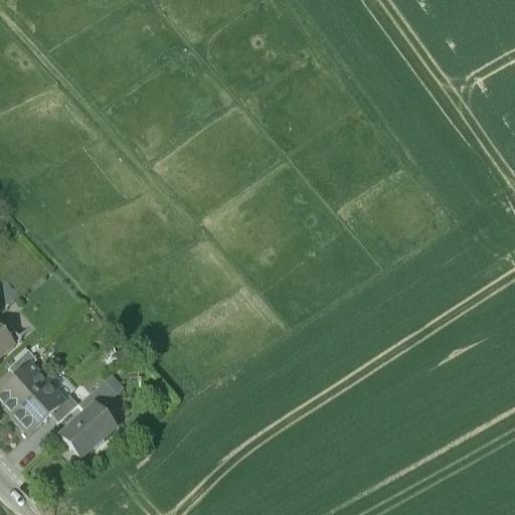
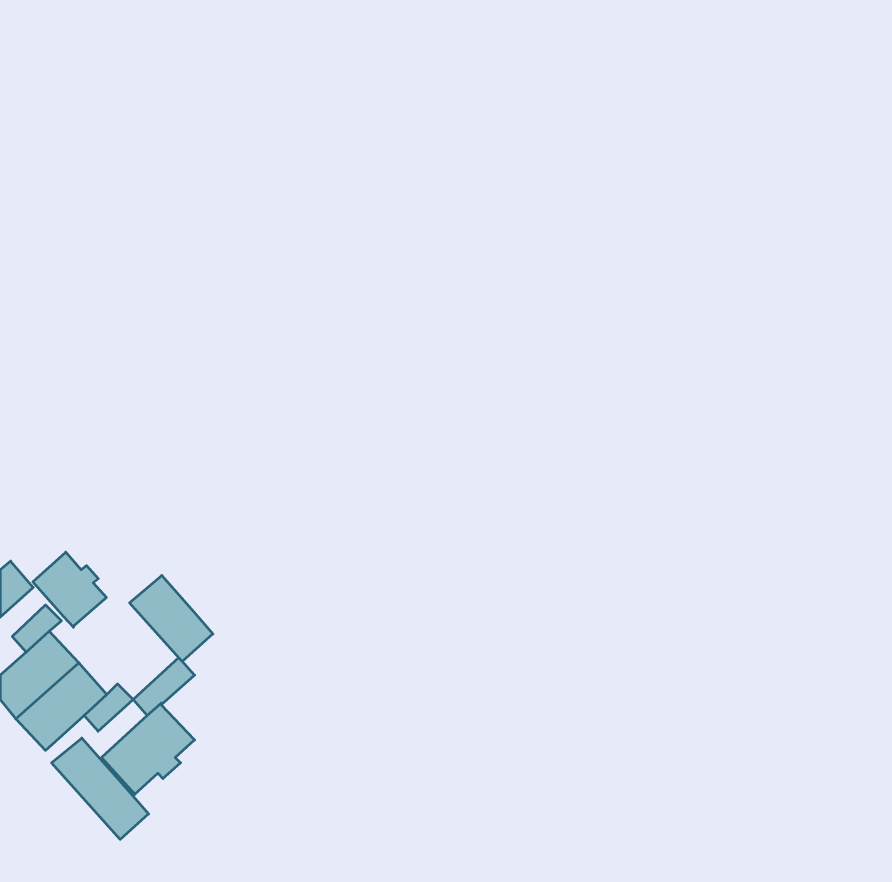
building: none -> [33,552,106,627]
building: none -> [130,575,213,661]
building: none -> [52,738,149,839]

